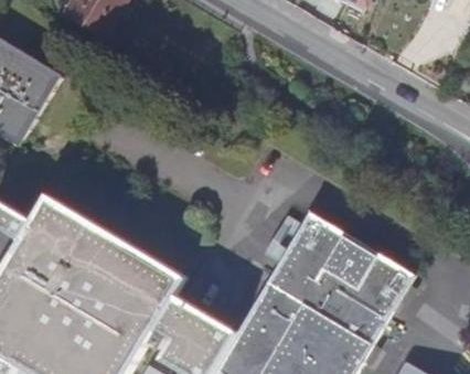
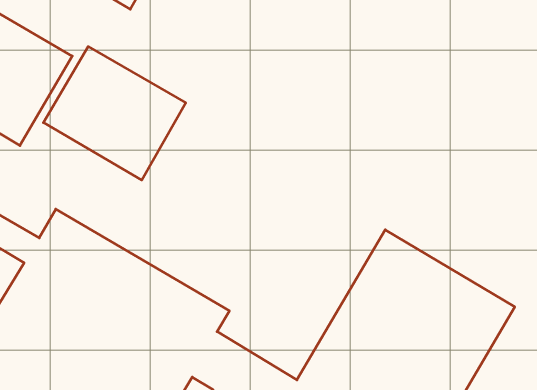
building: none -> [43,47,186,180]

